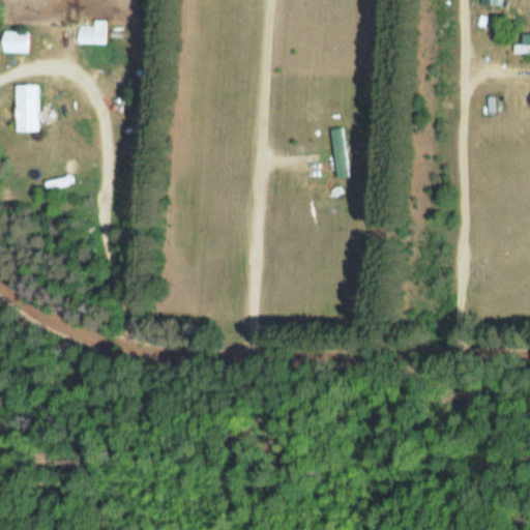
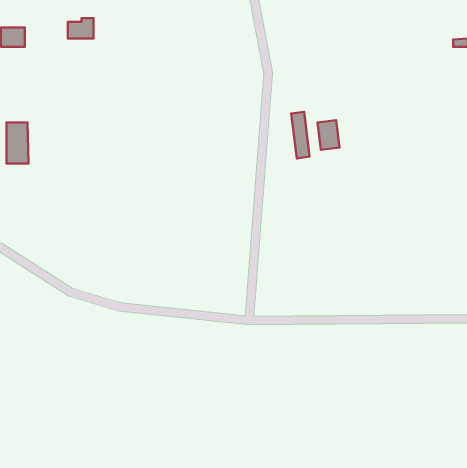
building: [16,85,40,131] -> [6,122,28,164]
building: none -> [317,120,340,150]

